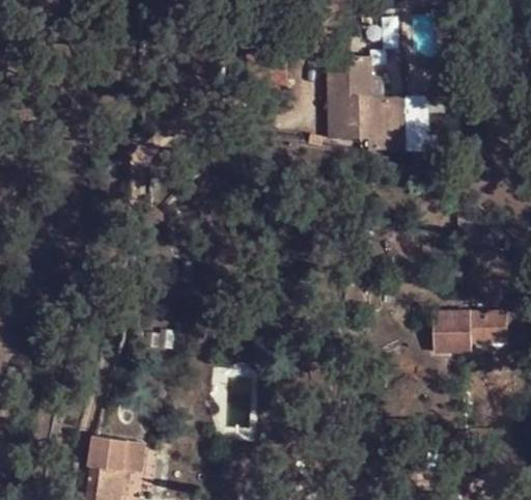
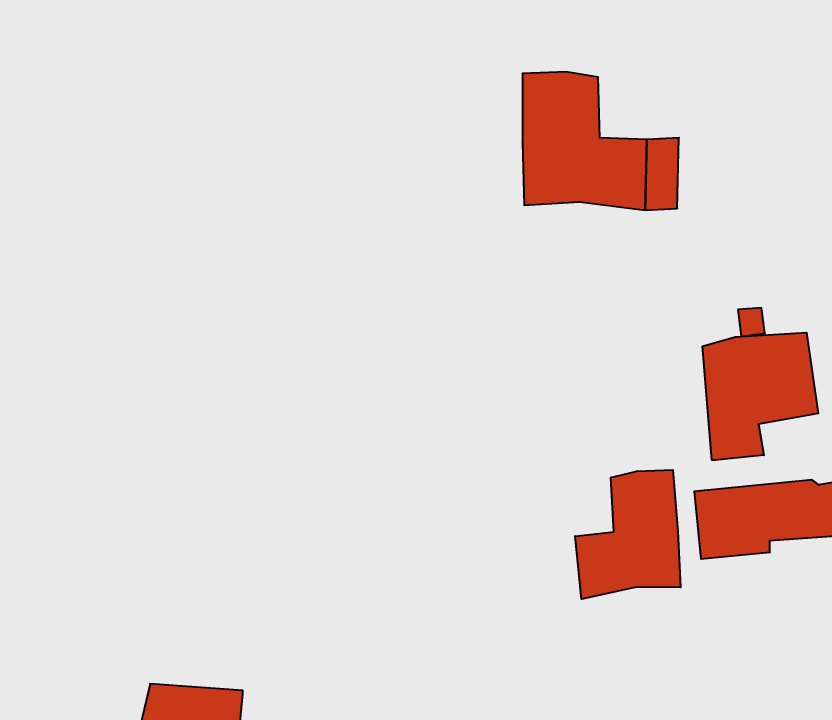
building: none -> [703,333,818,460]
building: none -> [575,470,681,599]

